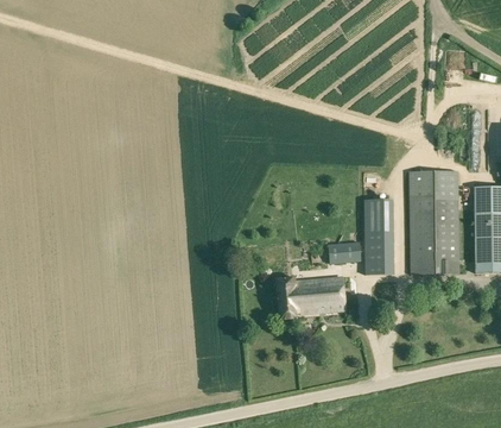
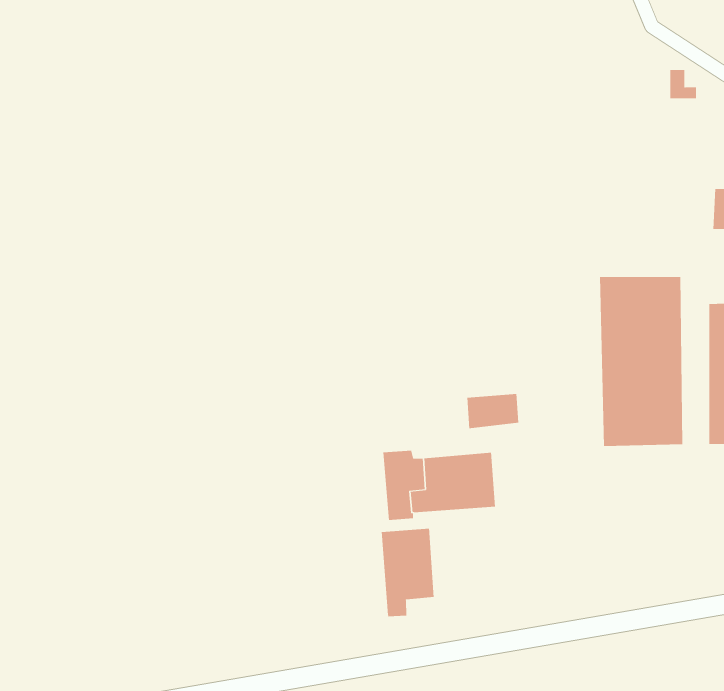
building: [364,197,393,272] -> none
building: none -> [381,528,434,617]

